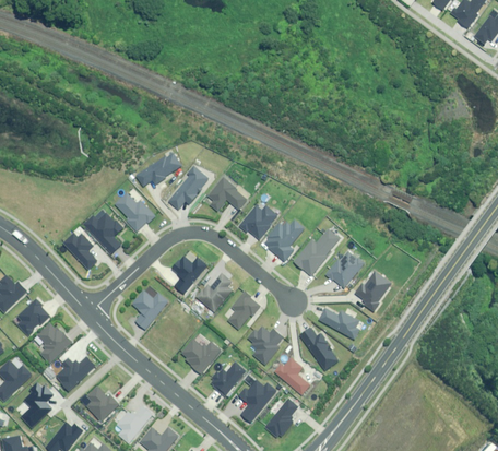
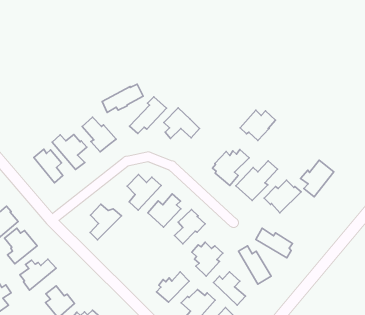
building: [239,204,278,238] -> [240,110,276,140]
building: [354,272,391,313] -> [301,160,334,197]
building: [176,339,217,377] -> none

